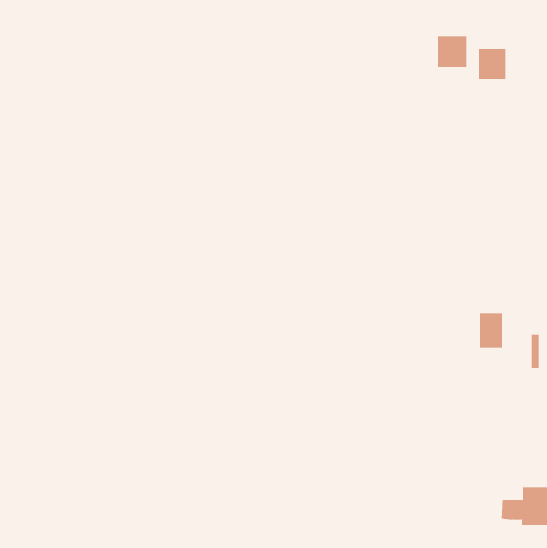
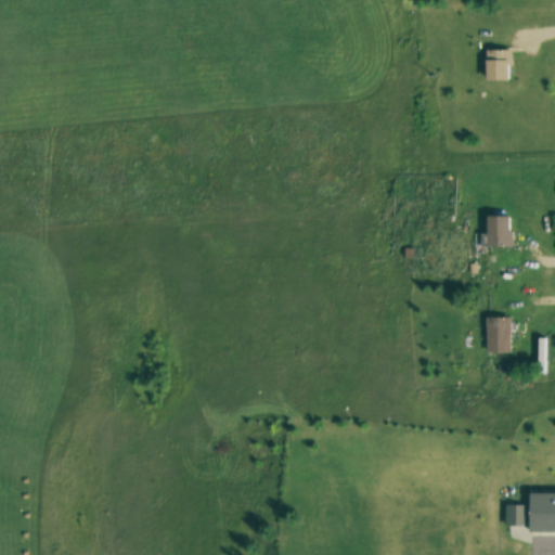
building: [437,36,467,68] -> none
building: none -> [483,216,513,247]

